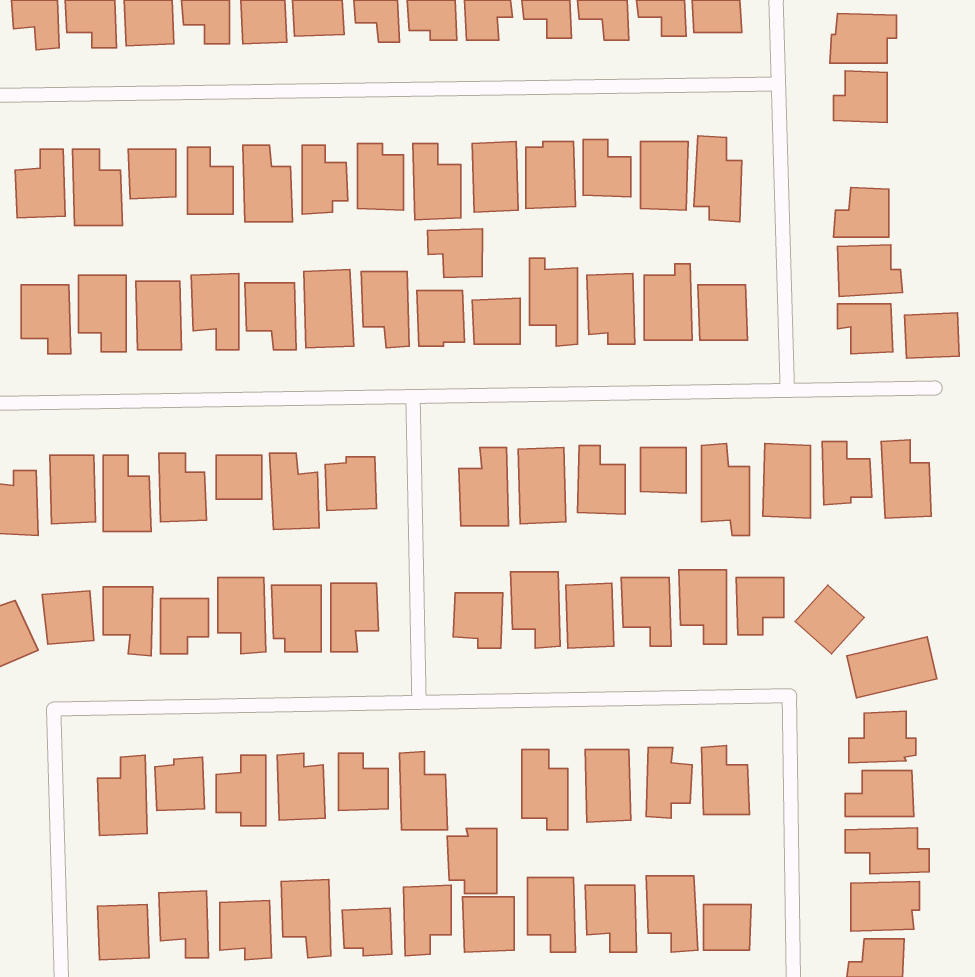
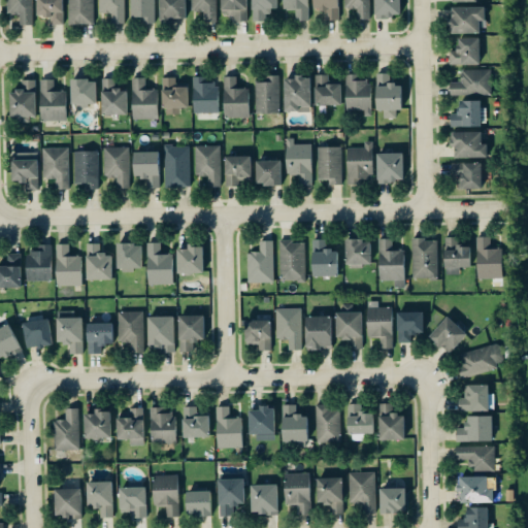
building: none -> [450,70,491,96]
building: [427,229,482,278] -> none
building: [905,313,959,358] -> none
building: [447,829,497,894] -> [248,405,274,440]

